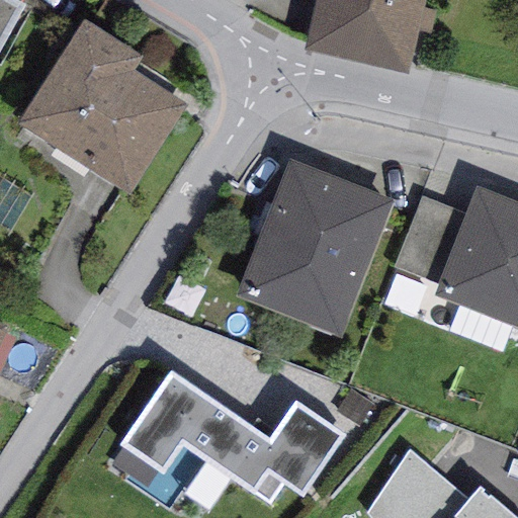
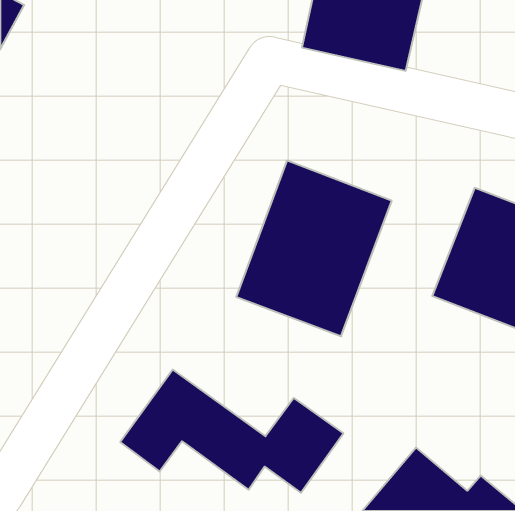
building: [17,19,186,194] -> none

